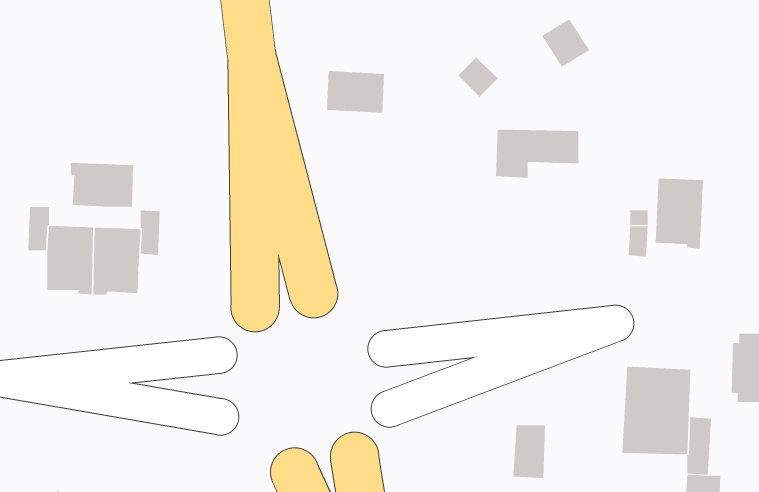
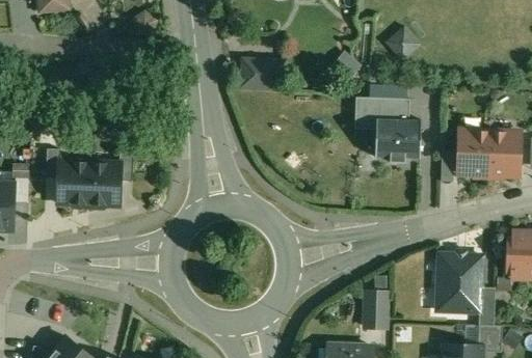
building: [70,162,133,208] -> none
building: none -> [373,119,418,165]
building: none -> [487,131,520,176]

